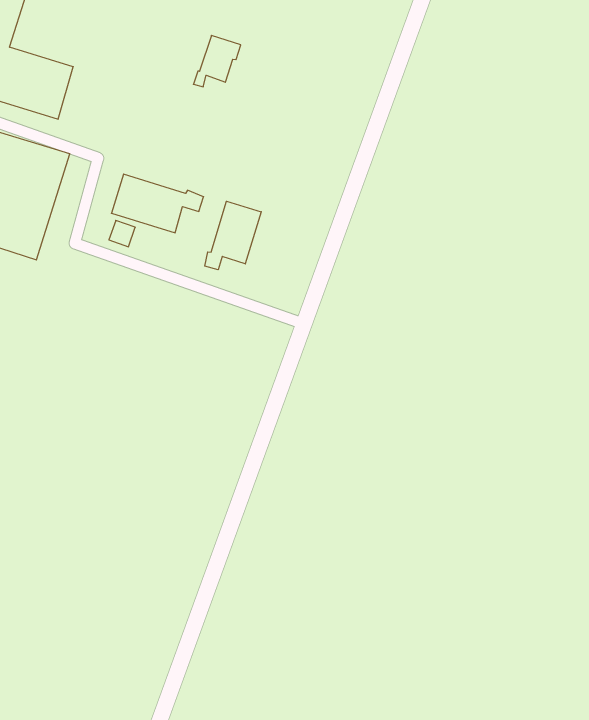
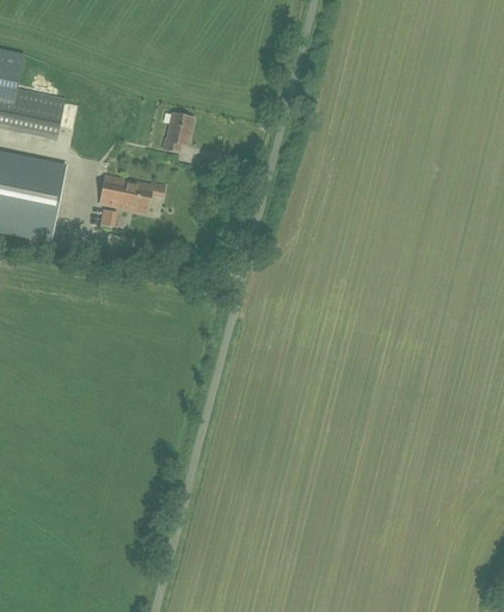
building: [193,35,241,87] -> [162,112,193,149]
building: [205,201,261,270] -> none

